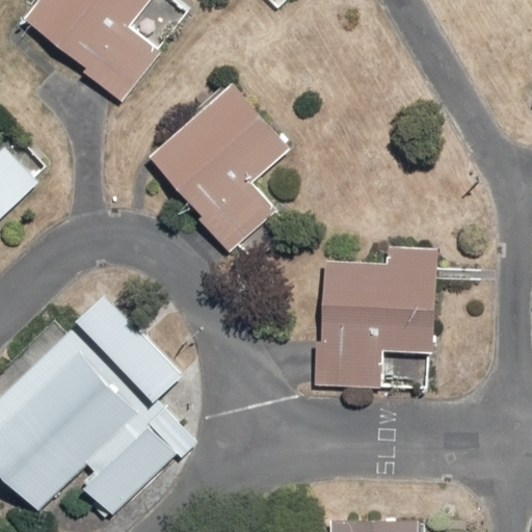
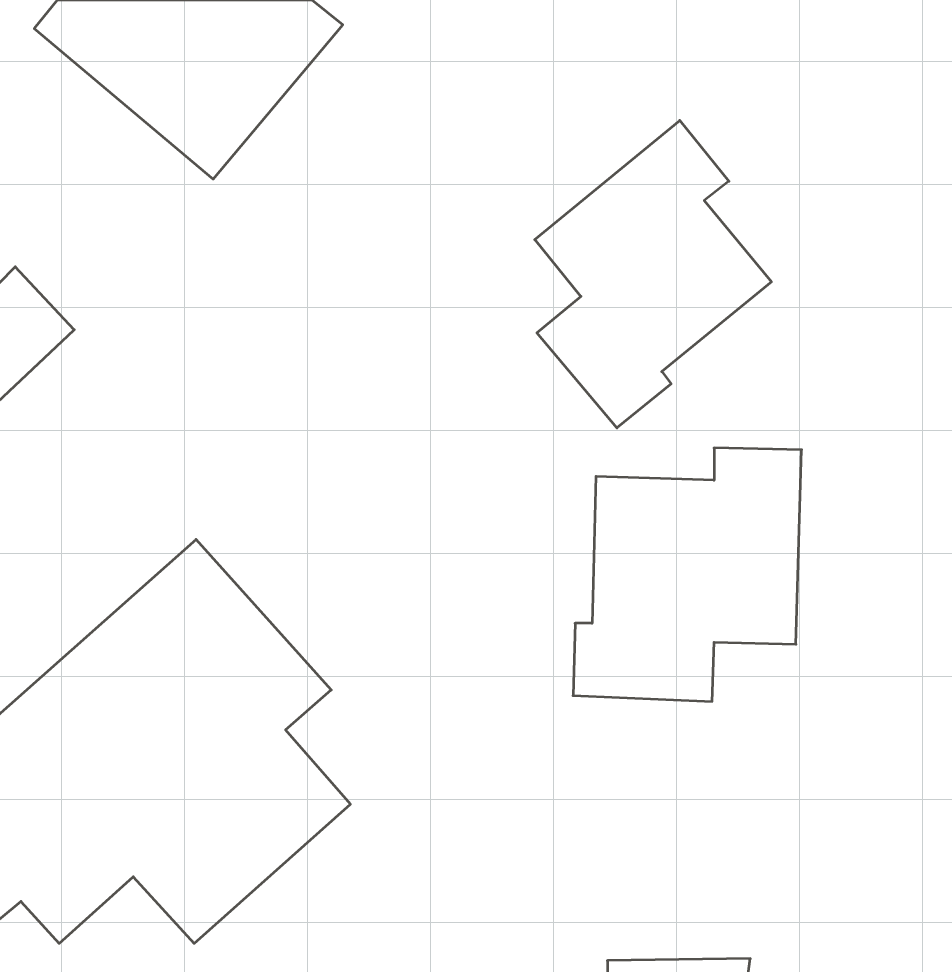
building: none -> [535,120,771,428]
building: [148,81,292,254] -> none

